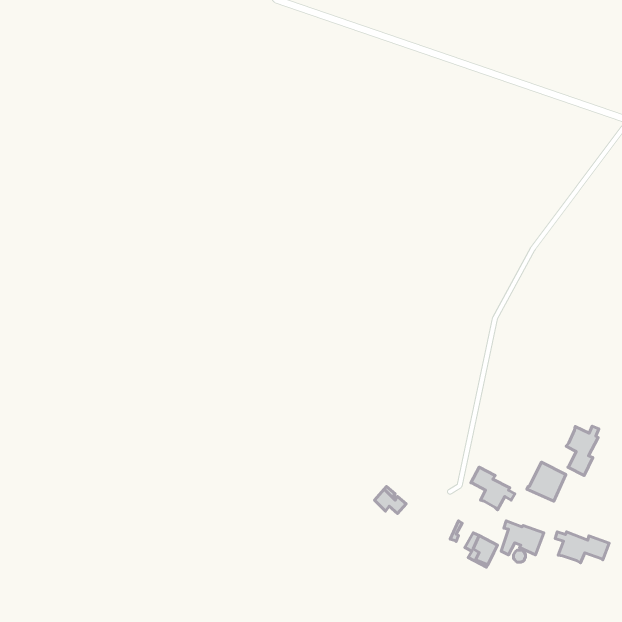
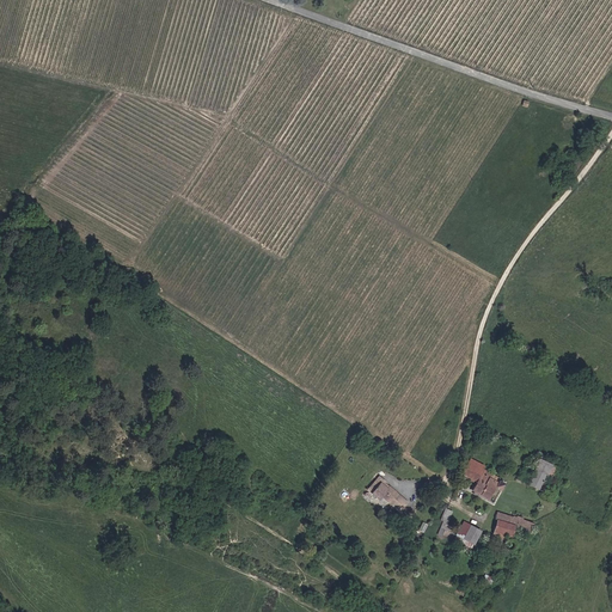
building: [566,426,599,475] -> none
building: [555,532,609,563] -> none

